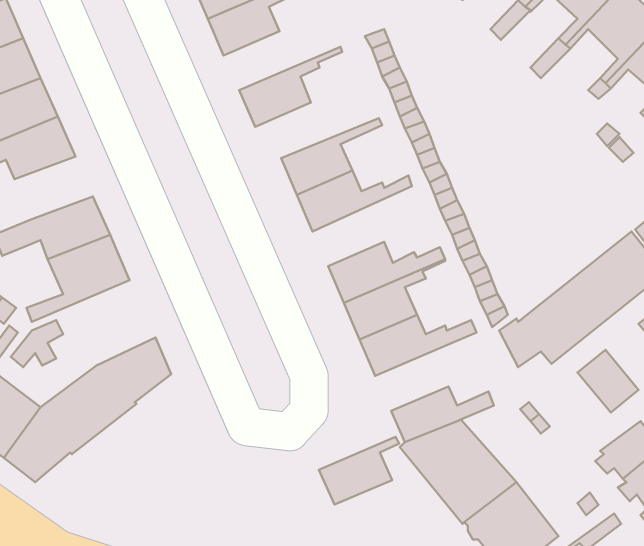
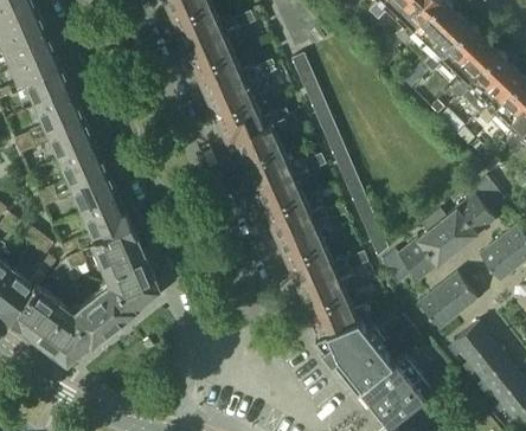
building: none -> [195,57,275,97]
building: none -> [217,105,301,146]
building: none -> [53,142,107,185]
building: none -> [256,162,325,217]
building: none -> [94,231,149,284]
building: none -> [417,289,458,332]
building: [319,437,399,505] -> [299,269,353,315]

